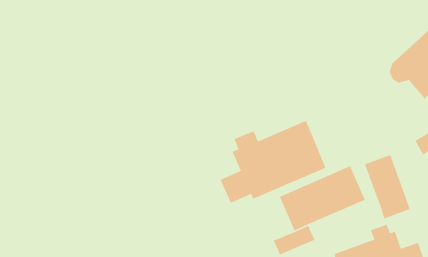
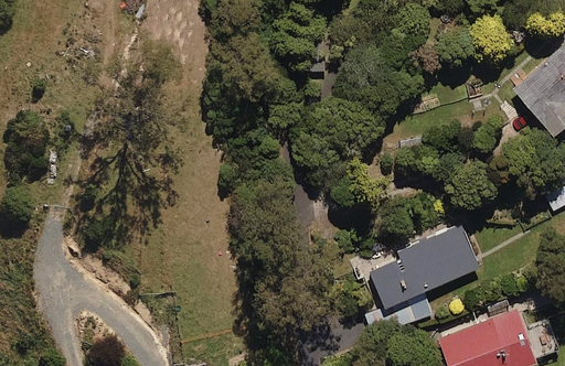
building: [219,120,326,204] -> none
building: [364,154,411,219] -> none

